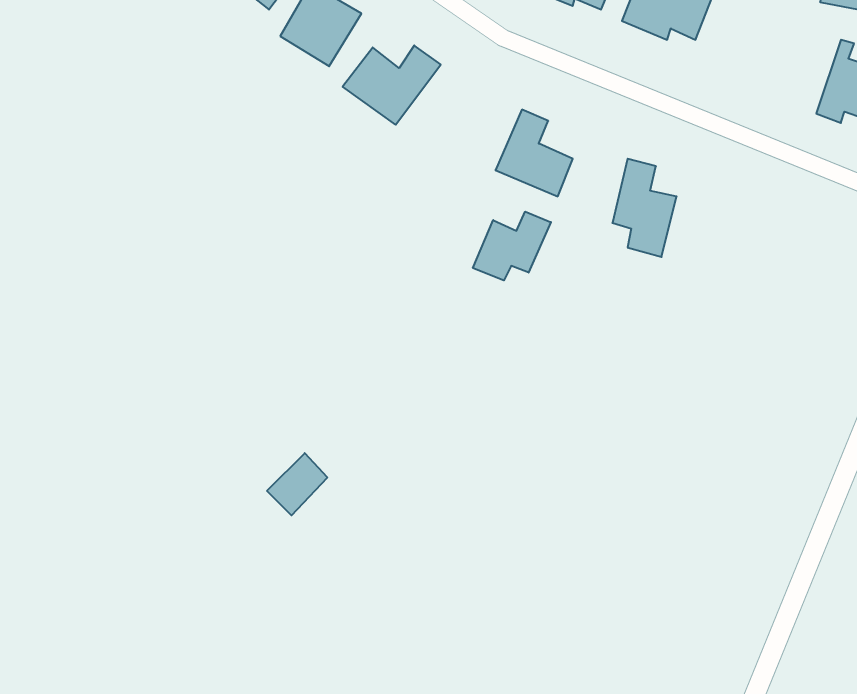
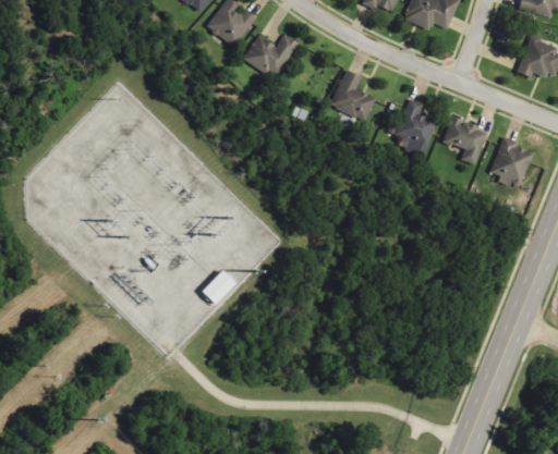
building: none -> [442,118,487,165]
building: [473,212,551,280] -> none
building: none -> [490,137,532,188]

